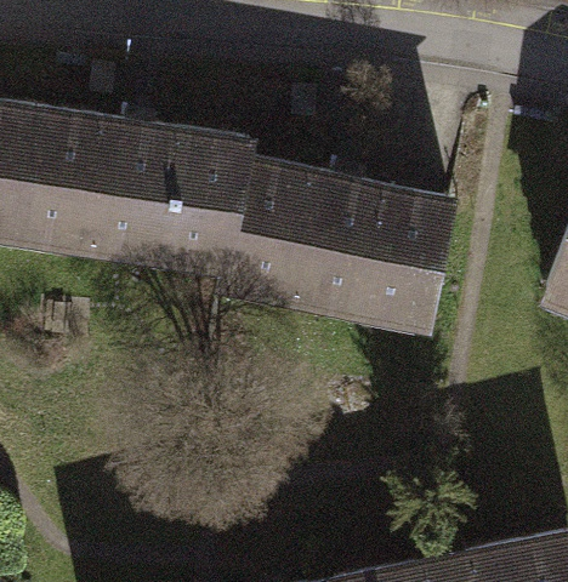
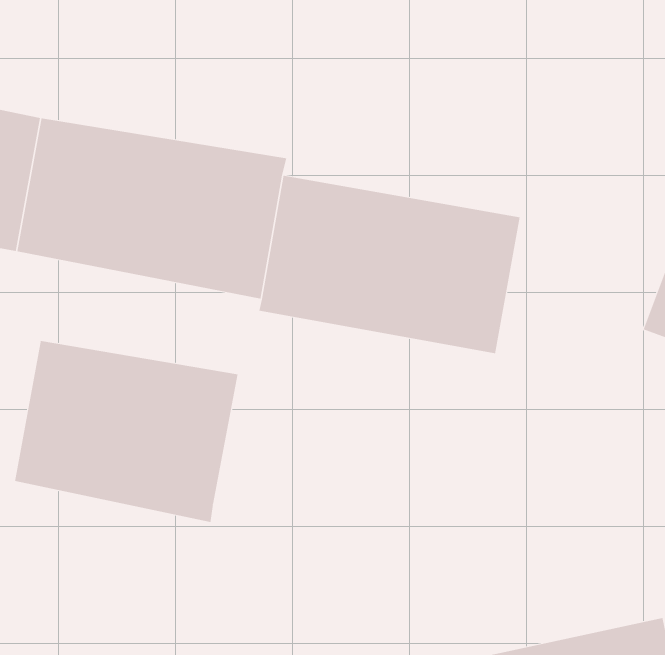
building: none -> [14,340,238,523]

